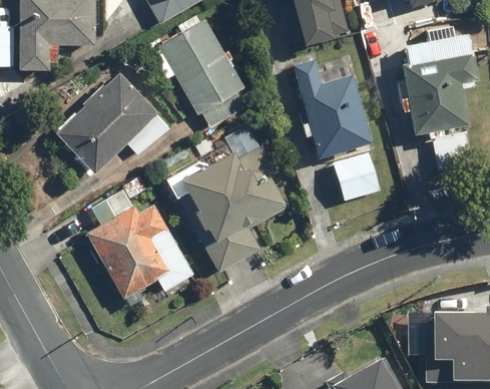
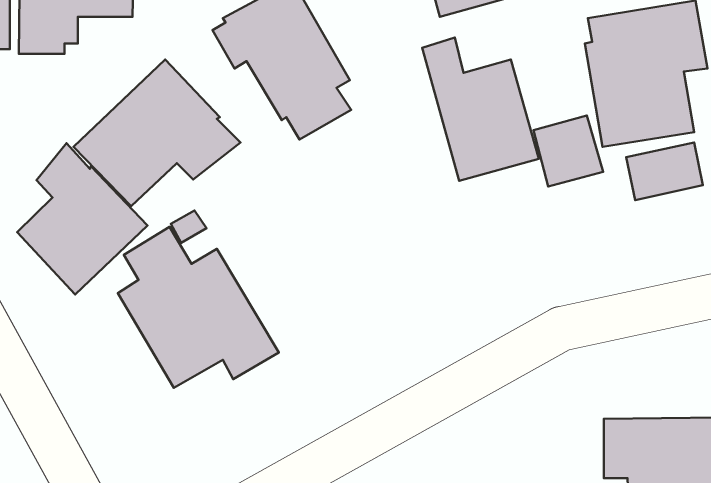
building: none -> [17,143,147,294]
building: [166,143,288,270] -> none
building: [333,150,380,199] -> [534,115,603,186]

